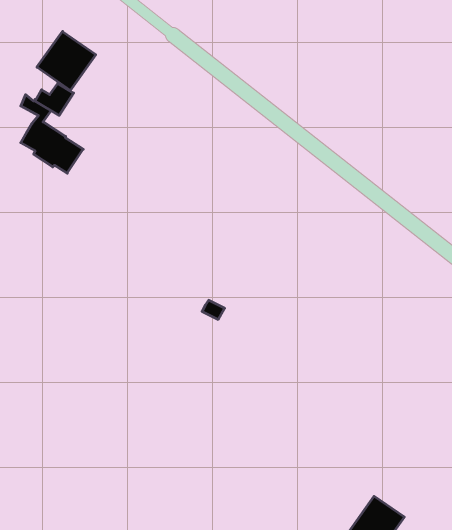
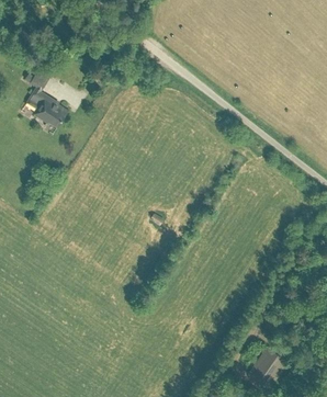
building: [37,31,96,90] -> none

